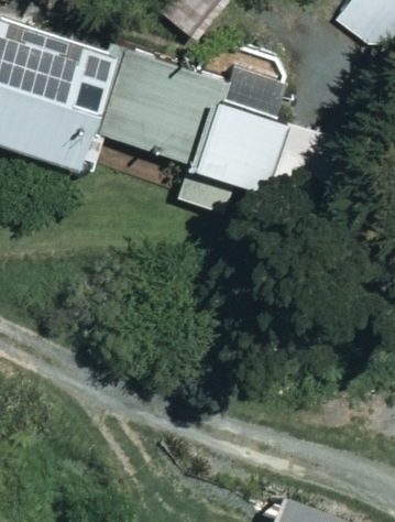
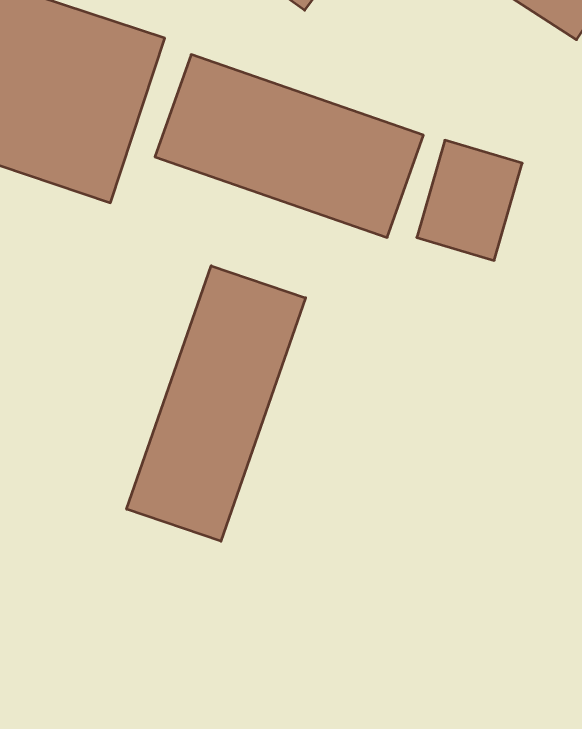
building: none -> [127,266,306,541]

